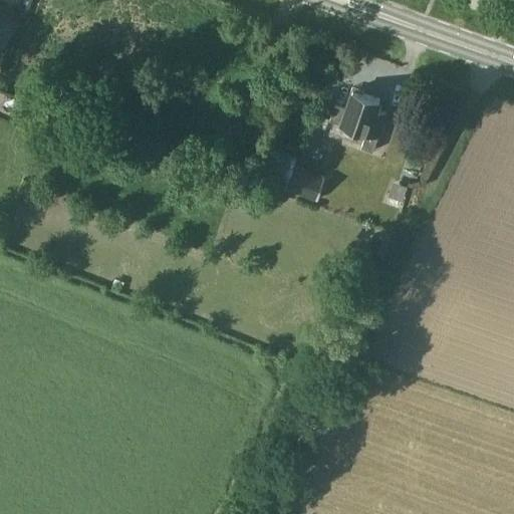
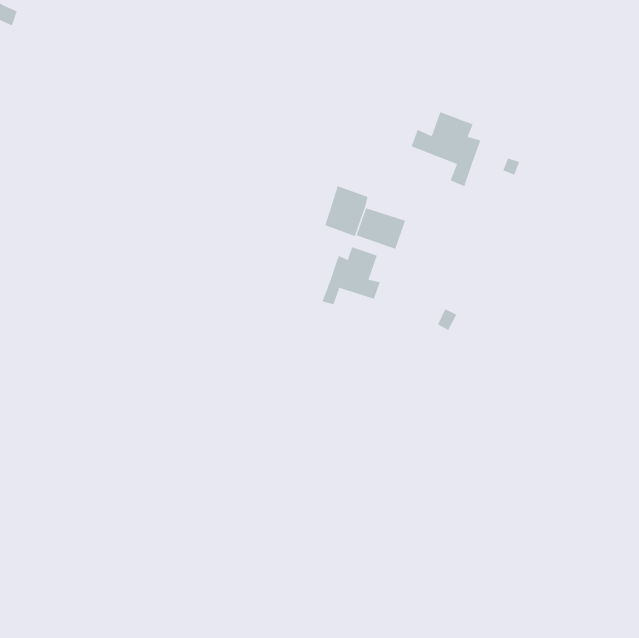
building: none -> [322,246,380,305]

